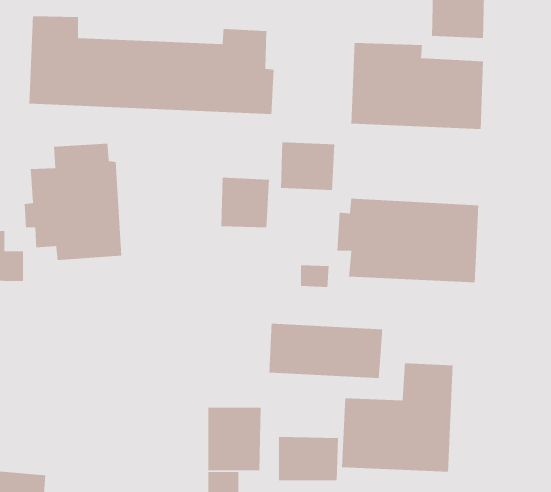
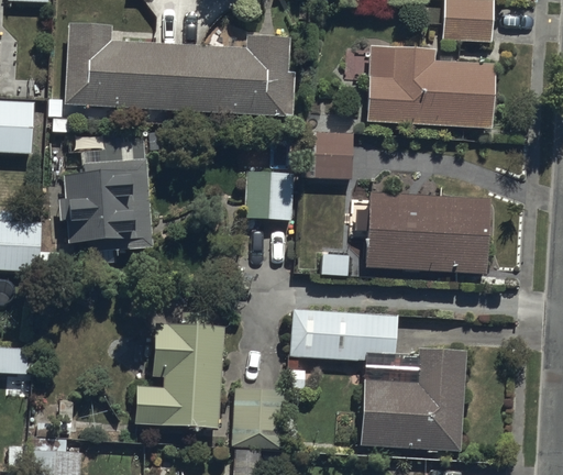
building: none -> [134,311,223,428]
building: [278,436,339,481] -> none

